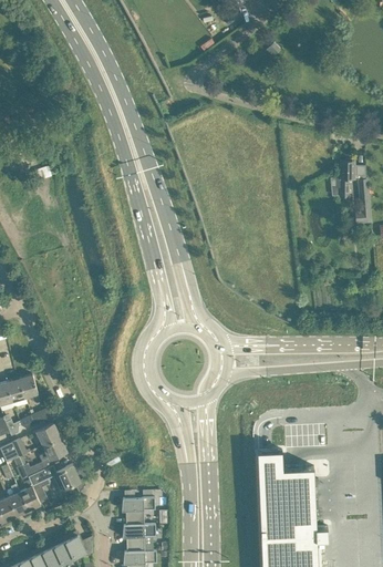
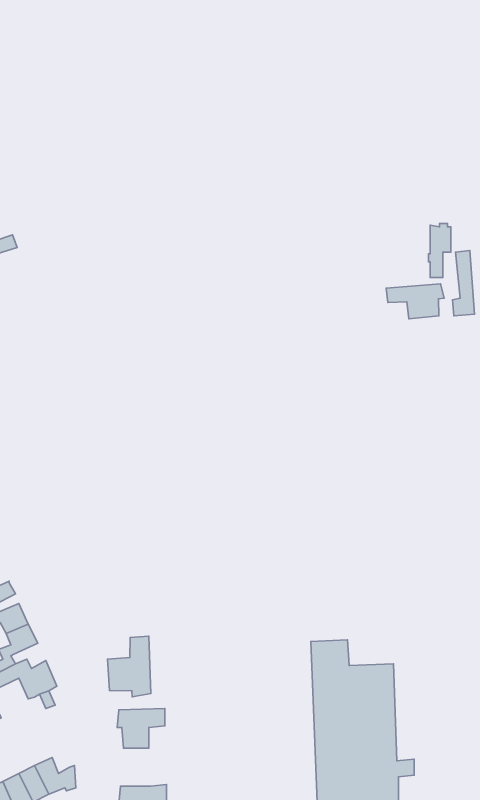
building: none -> [386,284,444,319]
building: none -> [108,636,151,697]
building: [123,524,156,551] -> none

